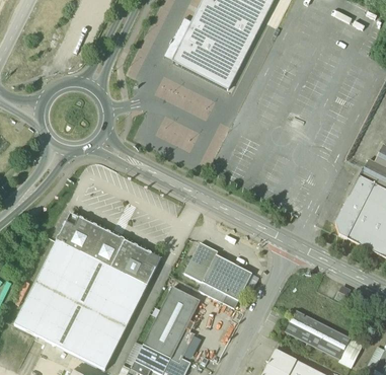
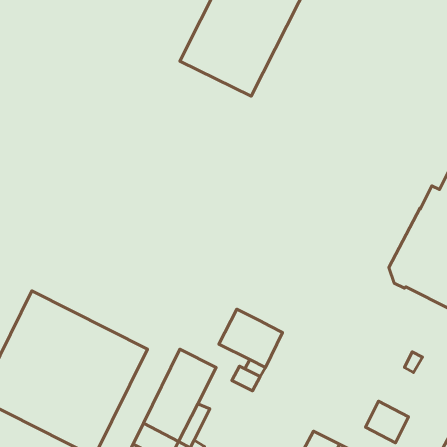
building: [56,213,160,286] -> none
building: [183,241,217,282] -> none
building: [285,310,326,347] -> none

